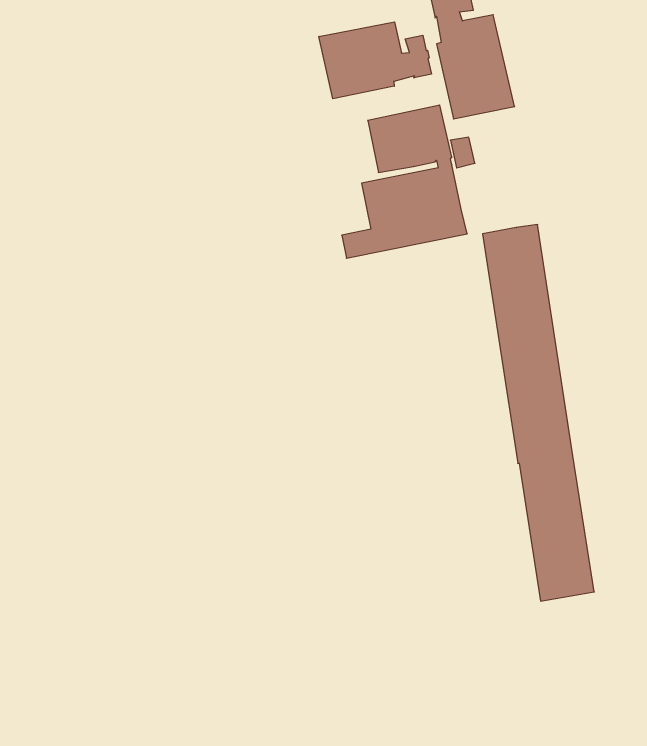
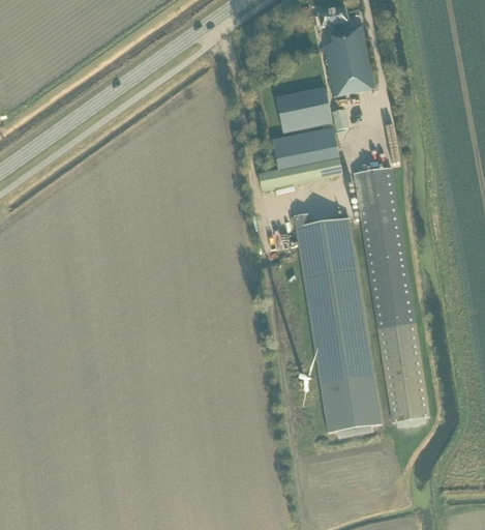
building: [319,22,431,99] -> none
building: none -> [294,213,381,431]

